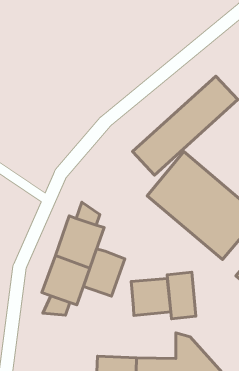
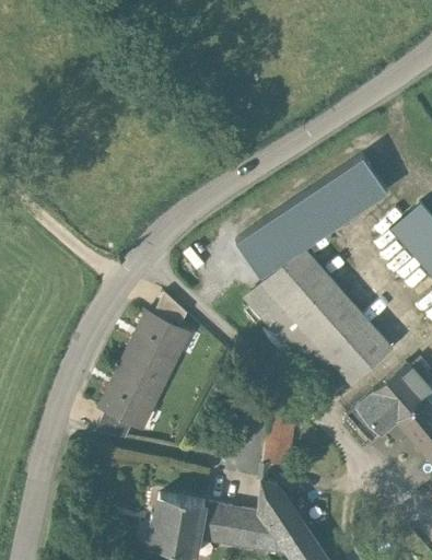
building: [83,249,125,296] -> none
building: [131,278,171,315] -> none

